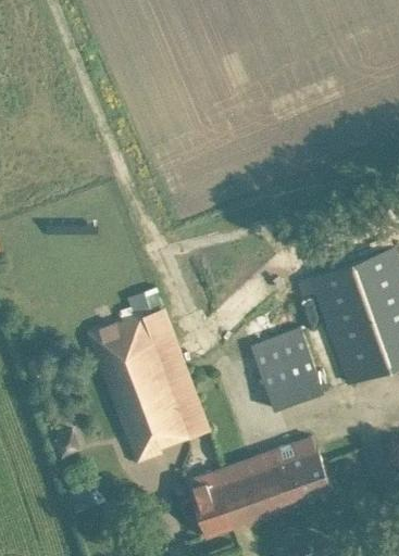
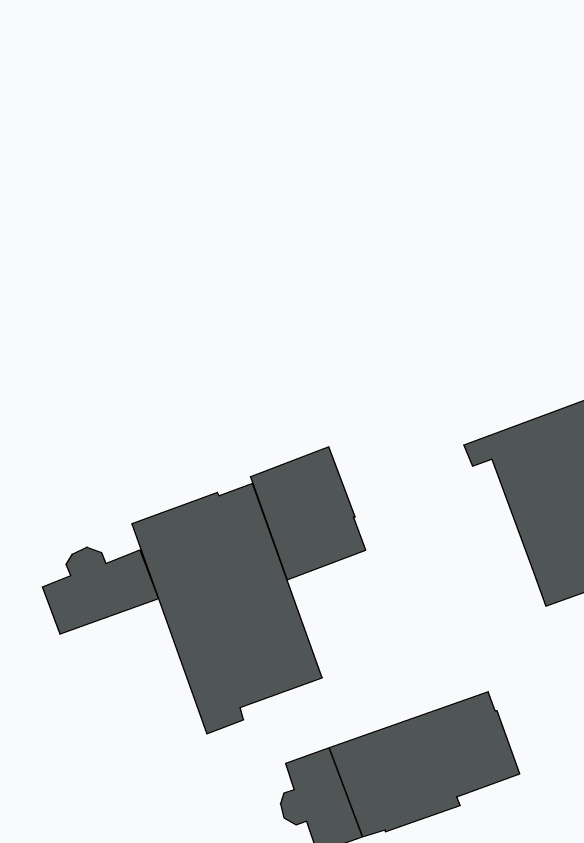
building: [251,329,323,412] -> [250,447,366,580]
building: none -> [42,547,159,634]

